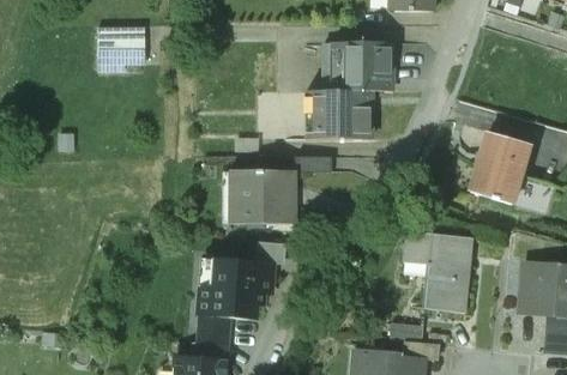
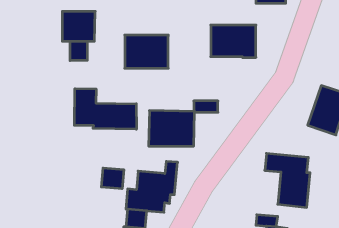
building: none -> [70,41,87,61]
building: [306,89,370,138] -> [125,35,168,68]
building: none -> [74,89,136,129]
building: none -> [101,168,124,189]

